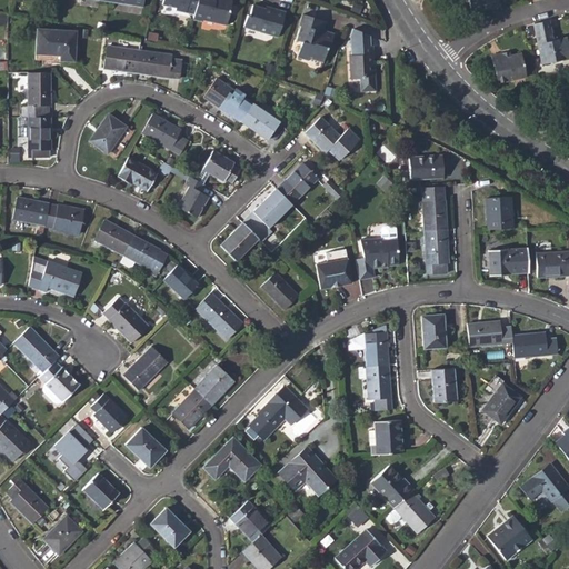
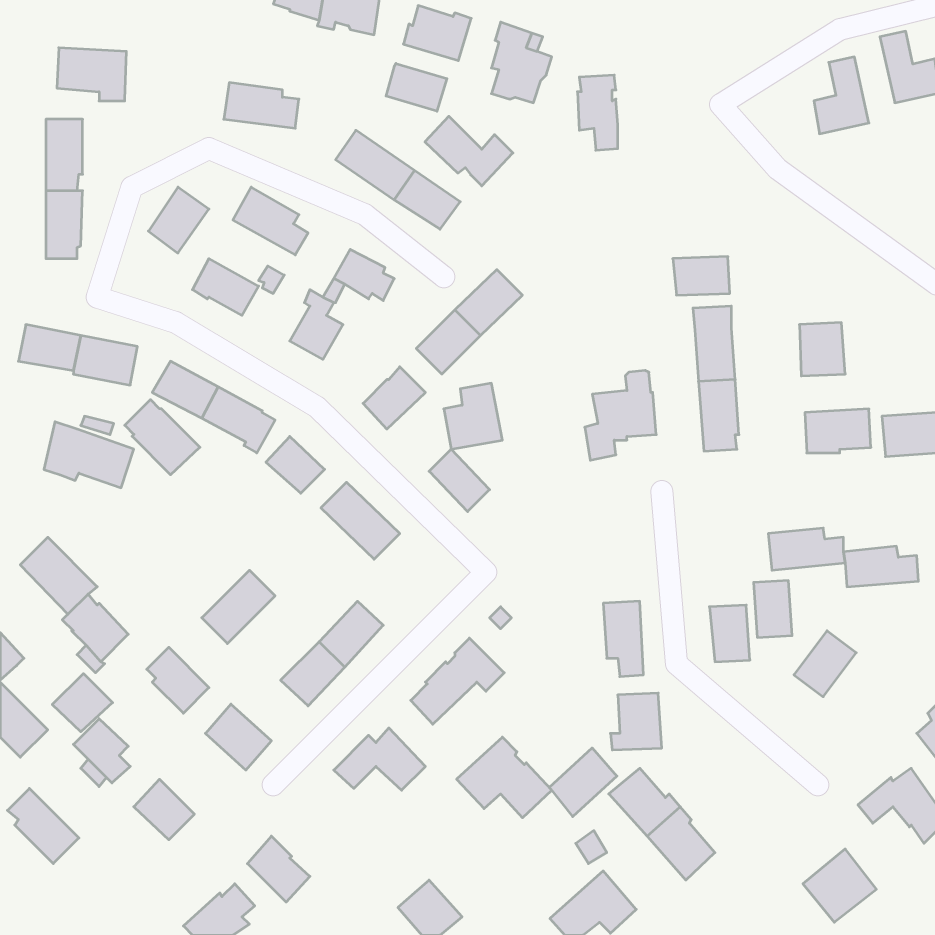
building: none -> [386,63,447,111]
building: [106,46,140,72] -> none
building: [306,117,359,159] -> [425,116,513,186]
building: [316,248,351,288] -> [444,383,502,449]
building: [103,297,149,342] -> [125,400,200,475]
building: [422,313,446,348] -> [754,581,792,637]
building: [349,331,389,366] -> none
building: none -> [52,674,113,732]
building: none -> [549,748,617,817]
building: [230,500,271,541] -> none
building: [43,515,83,555] -> none

